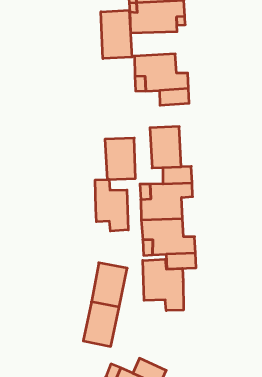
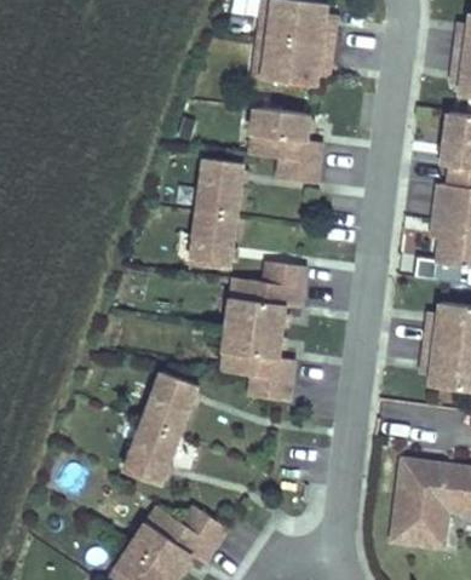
building: [101,10,132,59] -> none
building: [150,127,181,168] -> [196,157,241,216]
building: [95,179,128,231] -> none
building: [143,259,183,311] -> none

